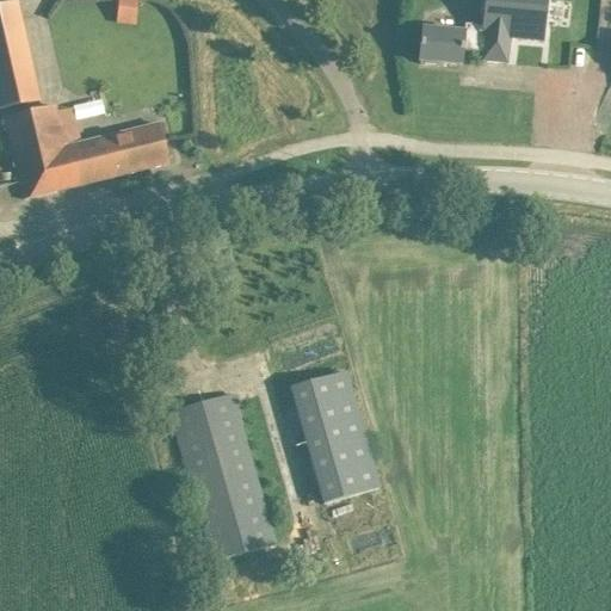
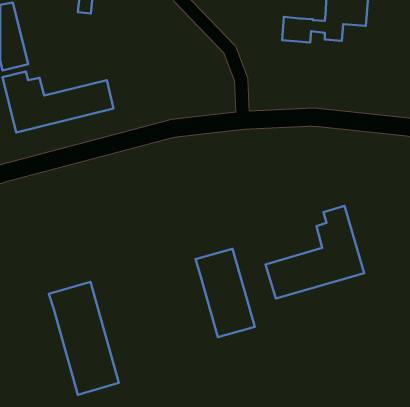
building: none -> [266,206,364,298]
building: [171,391,274,560] -> [49,282,119,395]

